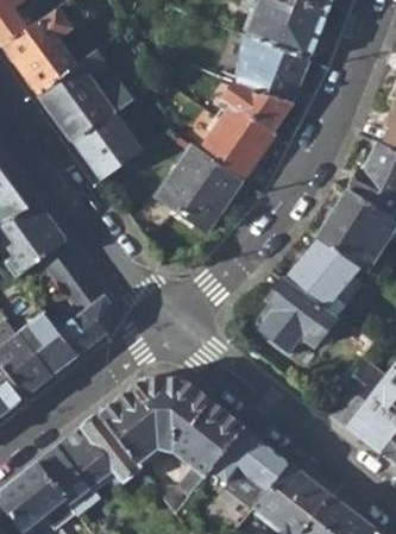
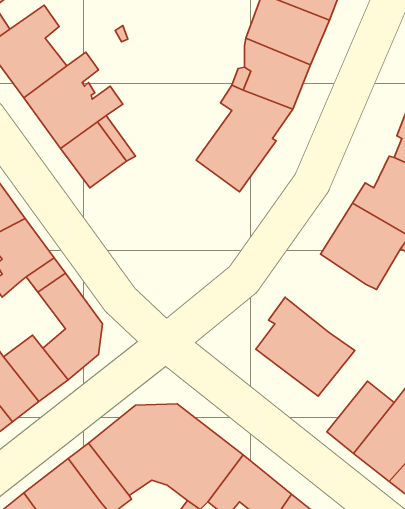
building: [157,146,239,230] -> none
building: [283,238,358,312] -> none

